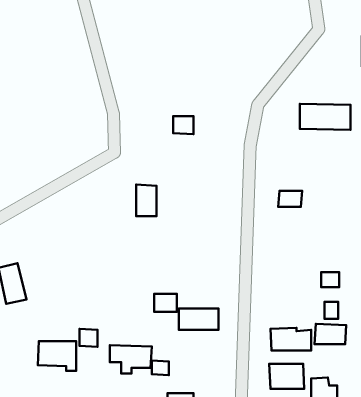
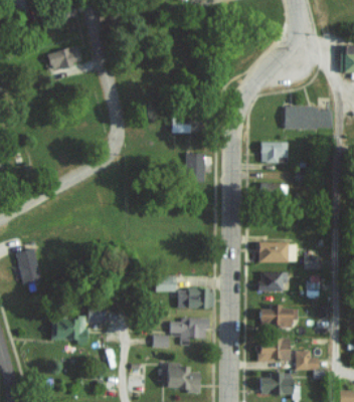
building: none -> [47,46,81,71]
building: none -> [260,143,288,163]
building: [136,185,157,216] -> [186,154,204,182]
building: none -> [257,241,287,262]
building: [315,324,346,344] -> [258,271,287,289]
building: [110,345,152,374] -> [170,318,207,343]

